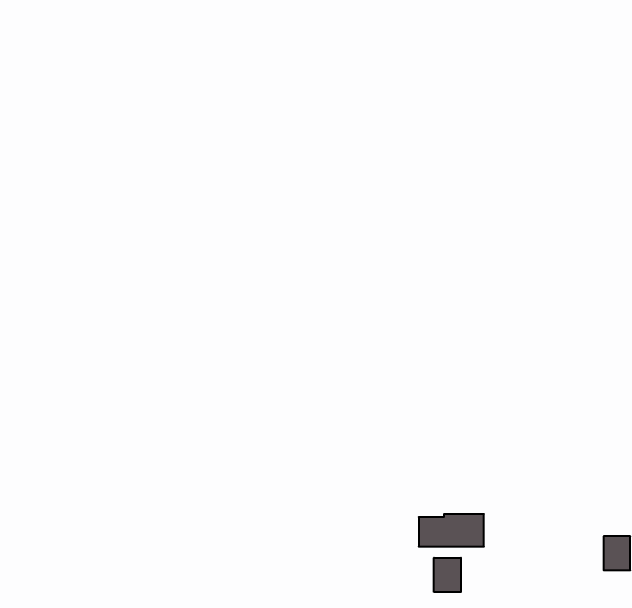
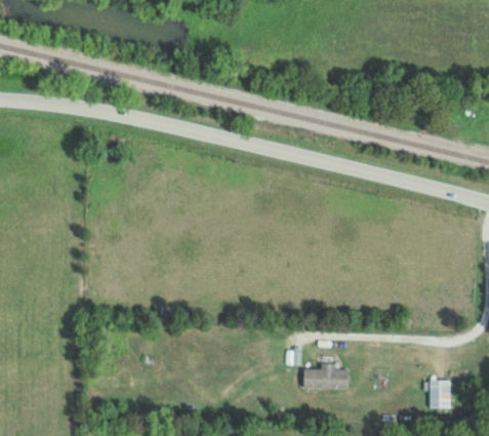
building: [434,558,461,592] -> none

